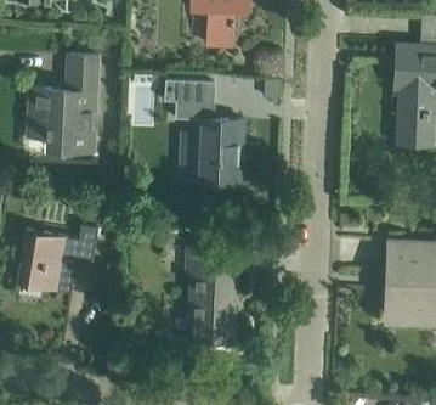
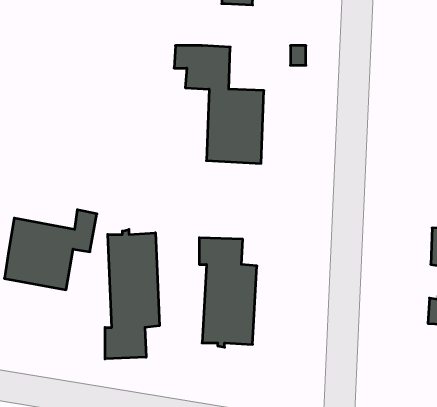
building: [28,56,97,152] -> none
building: none -> [105,229,159,359]

